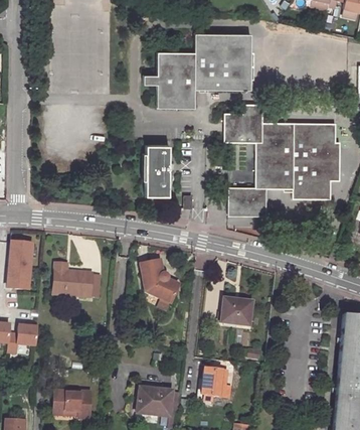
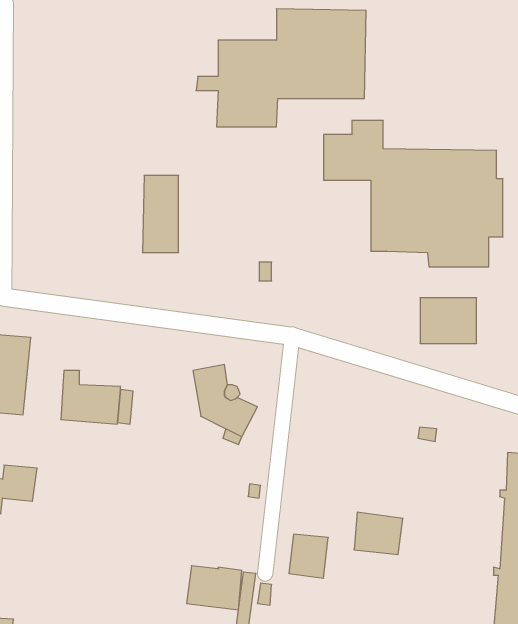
building: [145,145,168,194] -> [142,175,179,252]
building: [228,187,264,217] -> [420,298,477,343]
building: [222,298,253,325] -> [354,512,403,555]
building: [55,391,93,419] -> none

